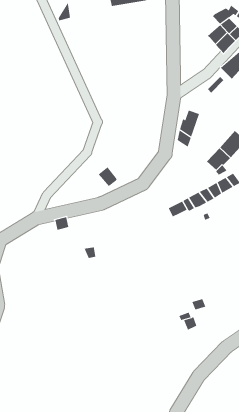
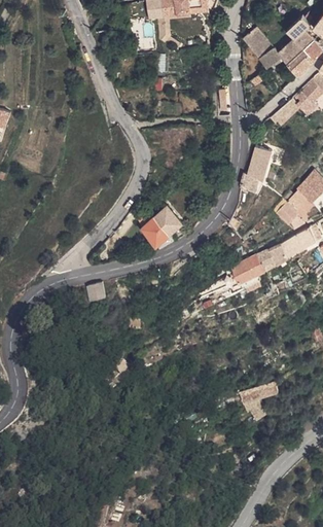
building: none -> [240,28,281,69]
building: none -> [268,94,310,124]
building: none -> [154,208,183,239]

